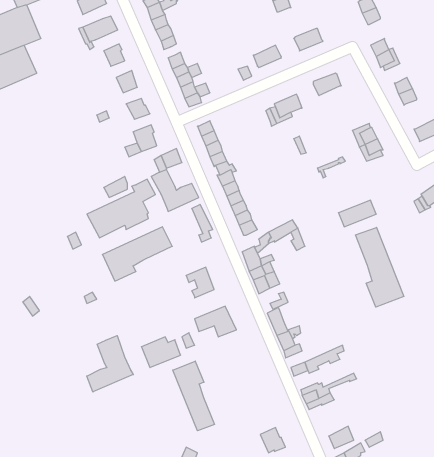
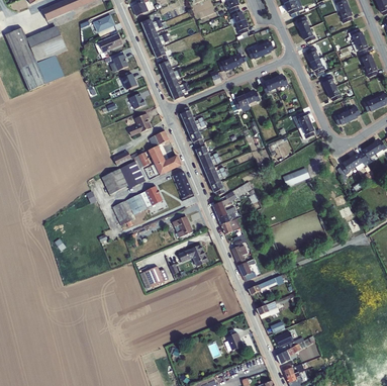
building: [356,227,404,307] -> none
building: [87,336,133,392] -> none
building: [173,361,214,431] -> none

